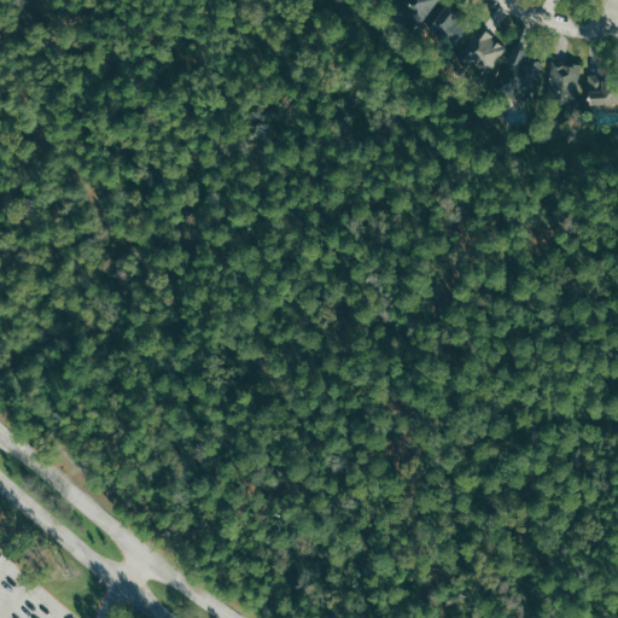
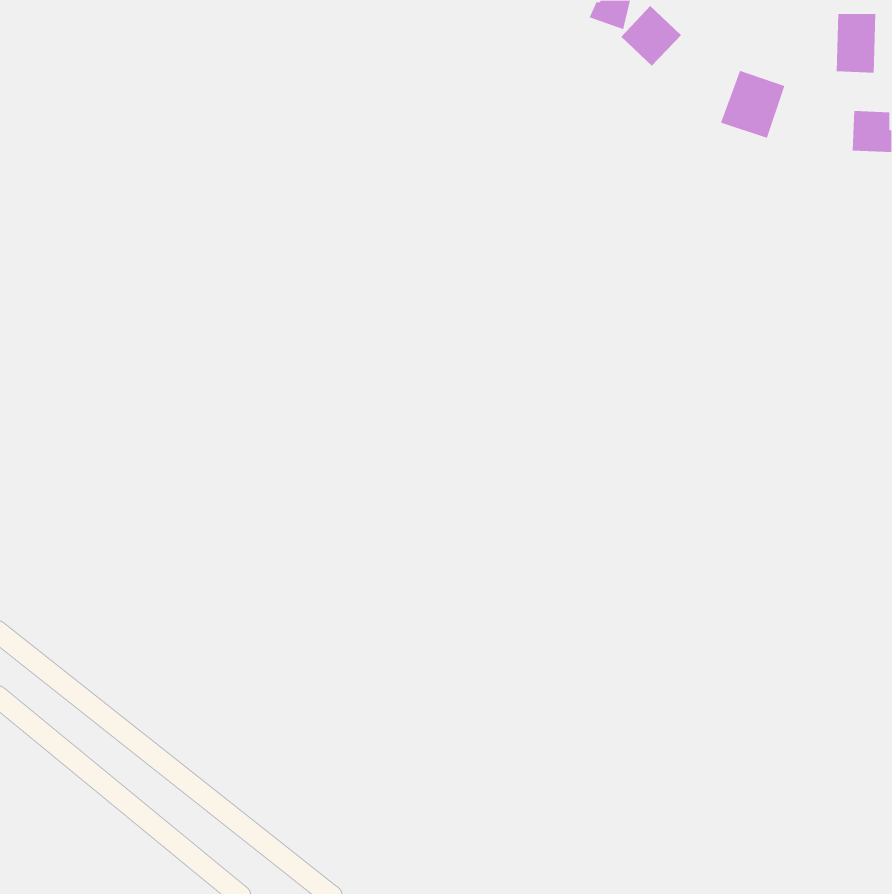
building: [460,29,506,75] -> none
building: [550,64,578,105] -> [836,13,876,73]

